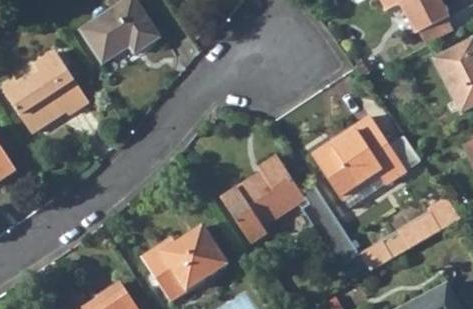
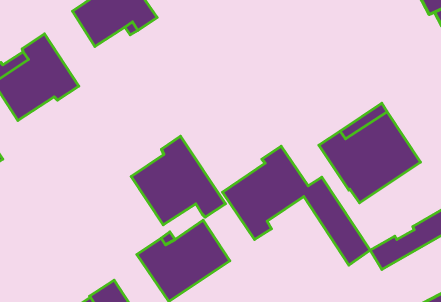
building: none -> [131,136,226,225]

